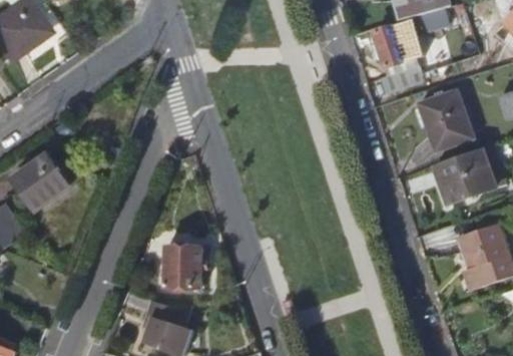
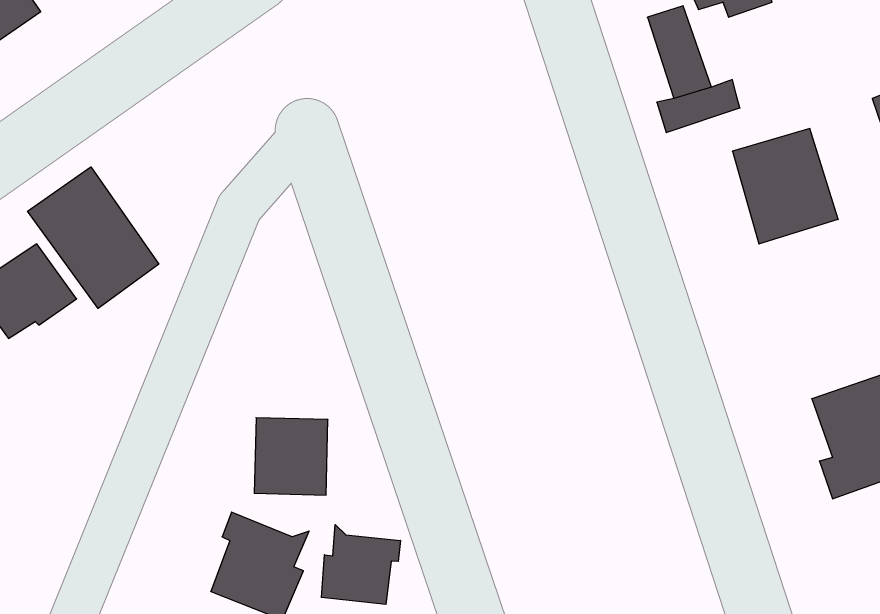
building: none -> [28,167,159,308]
building: [435,151,490,204] -> none
building: none -> [321,525,400,604]

